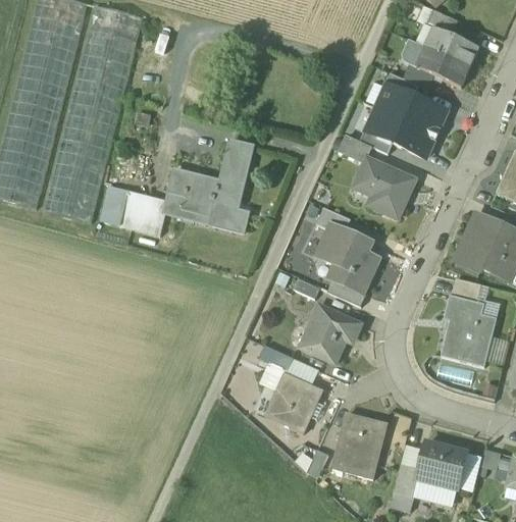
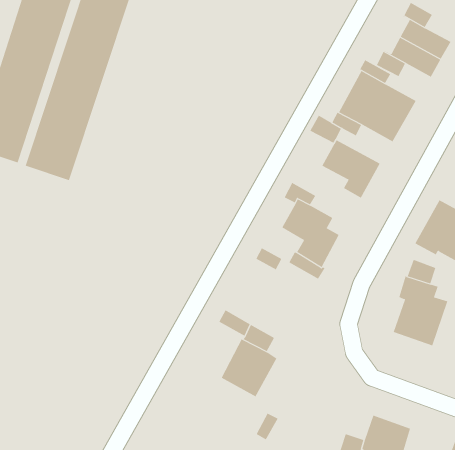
building: [169,140,252,231] -> none
building: [102,186,165,234] -> none
building: [299,305,360,362] -> none
building: [332,413,386,477] -> none

